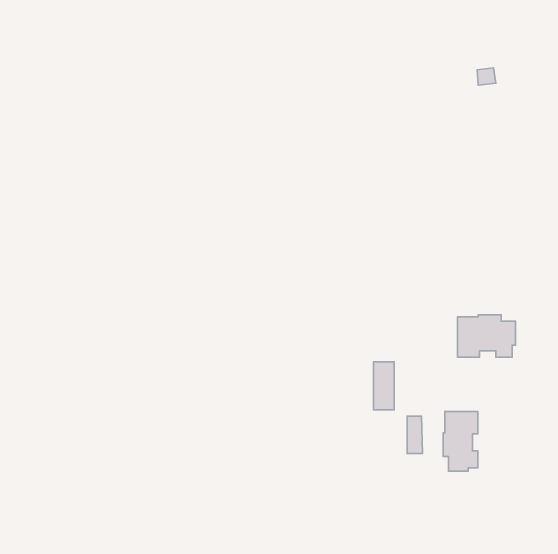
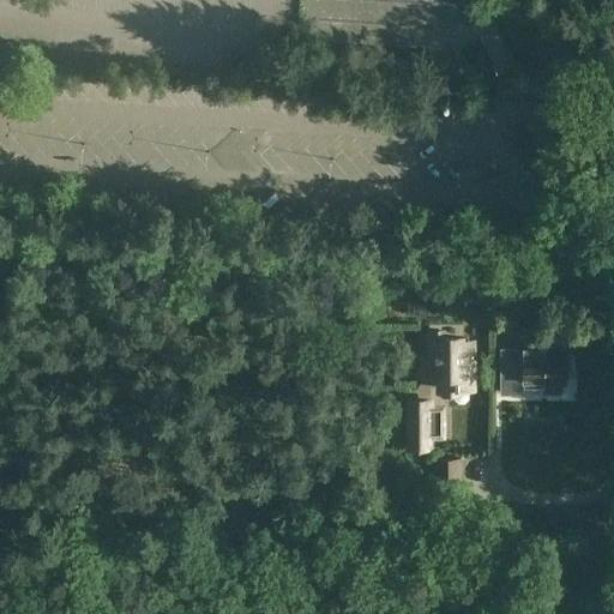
building: none -> [431,337,474,395]
building: [443,411,478,471] -> none

